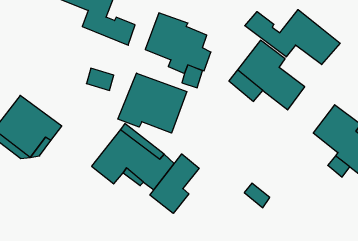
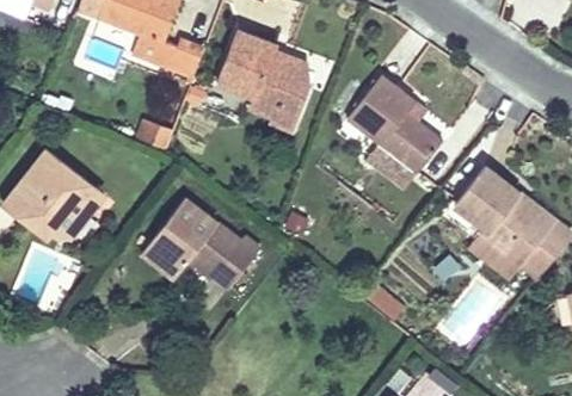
building: [245,10,340,65] -> none
building: [118,73,187,133] -> none
building: [150,154,199,213] -> none

